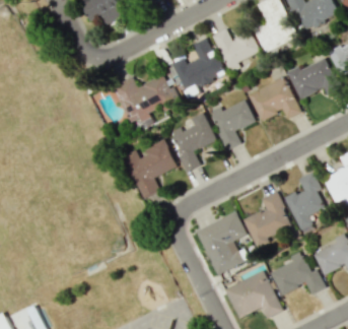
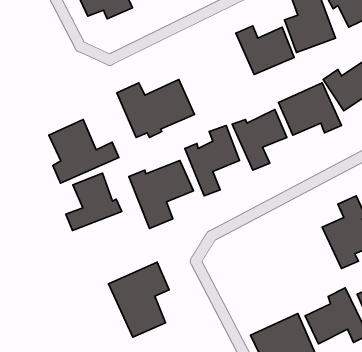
building: [167,36,223,97] -> none
building: none -> [49,120,119,183]
building: none -> [66,173,122,231]
building: [243,190,293,246] -> none
building: [195,211,246,274] -> [109,262,169,337]

